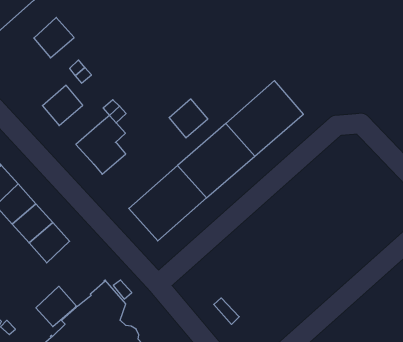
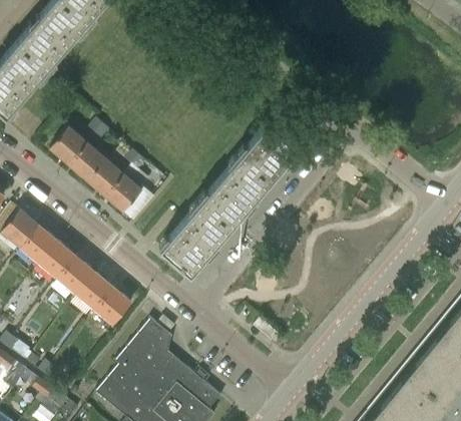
building: [34,17,74,58] -> [51,127,88,165]
building: [169,99,208,138] -> none
building: none -> [87,159,124,196]
building: [36,286,76,327] -> [94,287,131,325]

